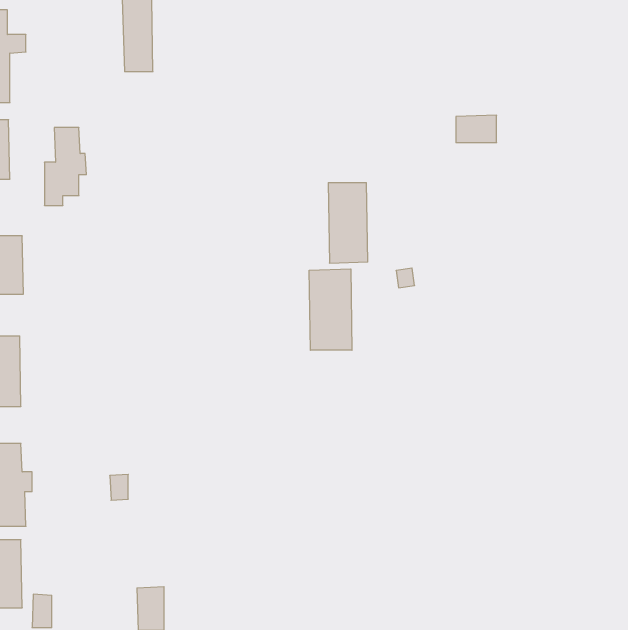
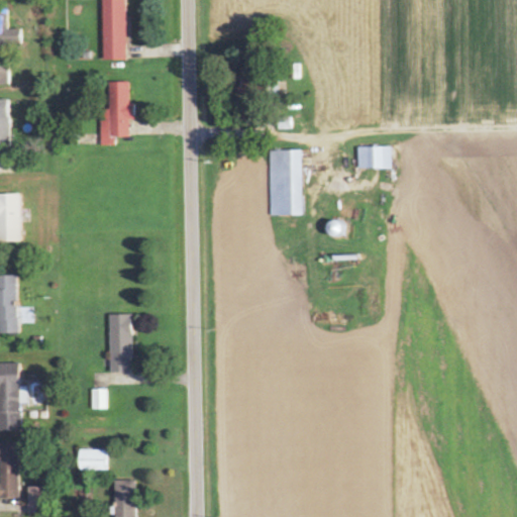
building: [456,115,497,143] -> [356,145,390,168]
building: [44,128,86,205] -> [100,81,134,144]
building: [309,269,352,350] -> none
building: none -> [108,314,131,372]
building: none -> [77,449,104,470]

